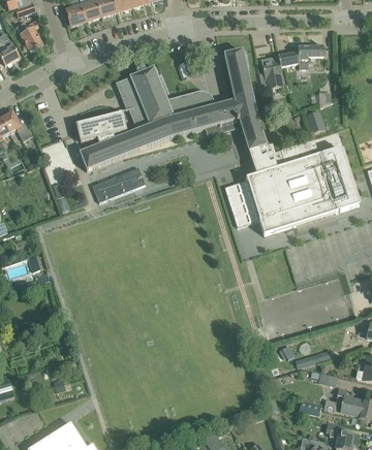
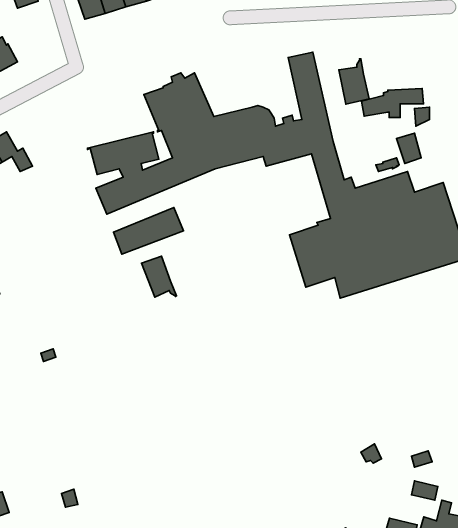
building: [16,20,42,51] -> none
building: [278,45,324,67] -> [362,89,423,118]
building: none -> [142,256,176,297]

